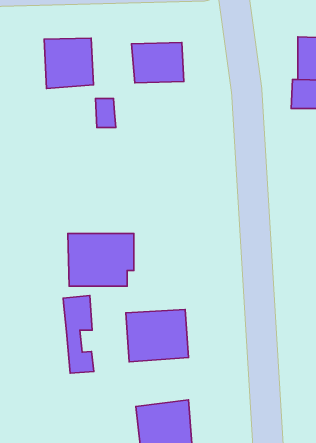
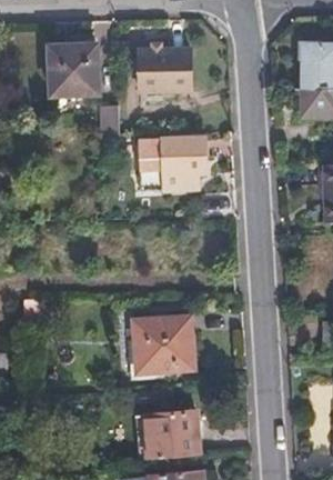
building: [68,234,134,286] -> [139,138,204,190]
building: [63,295,94,373] -> none

